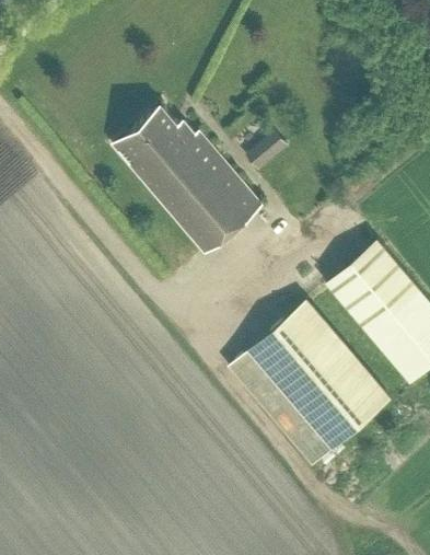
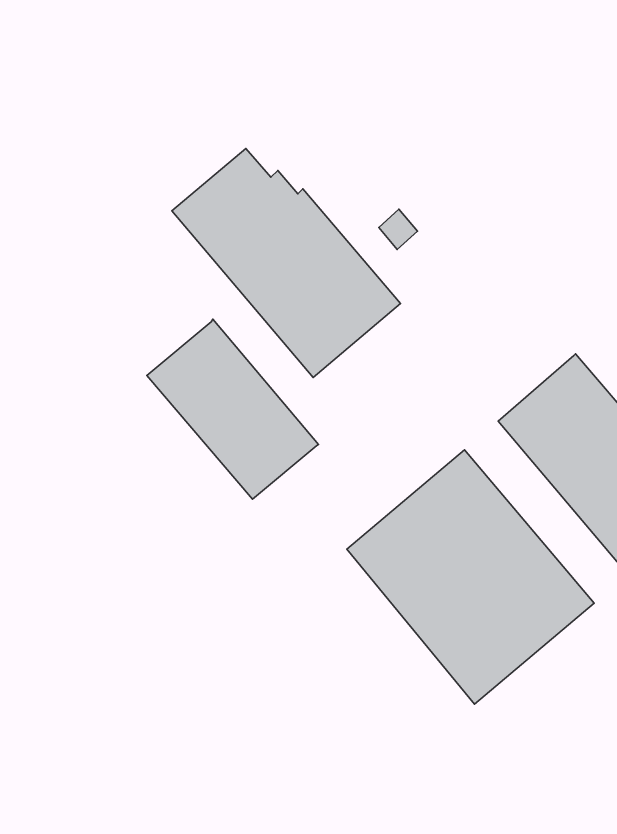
building: none -> [147,319,318,499]

